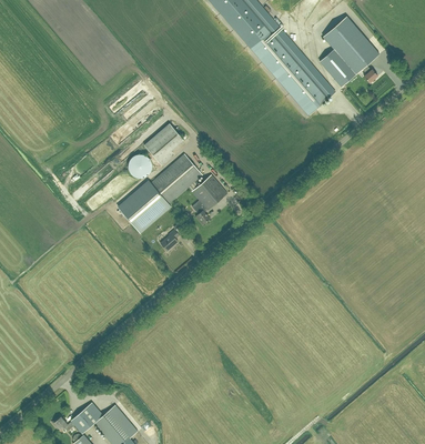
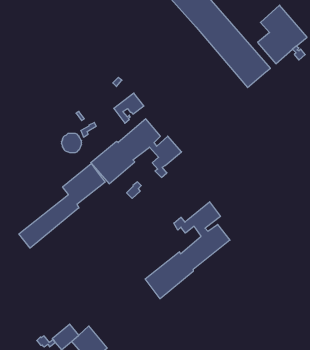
building: [128,154,152,178] -> [61,133,82,153]
building: none -> [19,163,105,248]
building: none -> [145,202,230,299]

